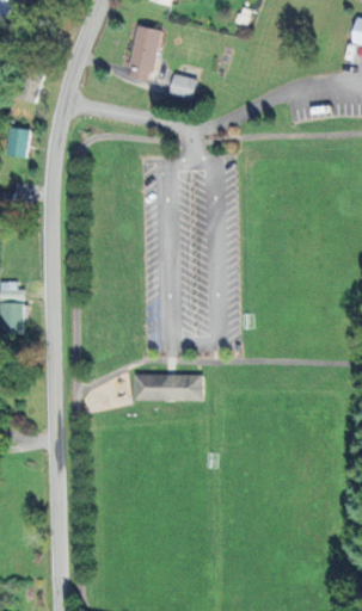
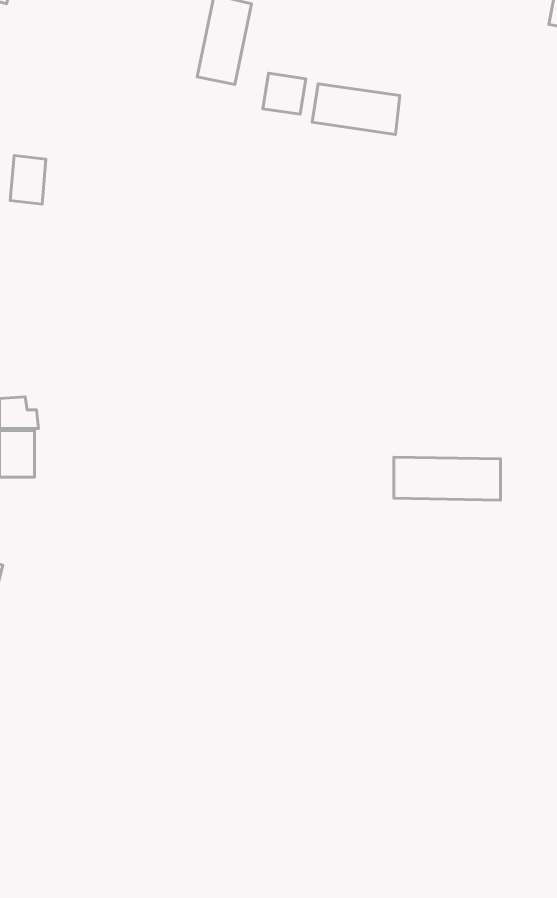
building: none -> [312,84,400,135]
building: [134,374,202,401] -> [394,457,501,500]

